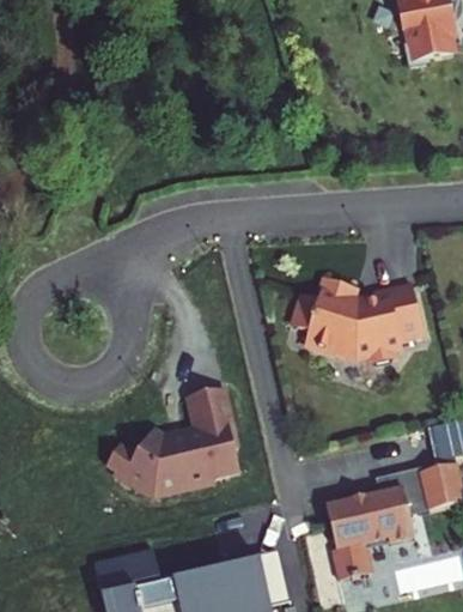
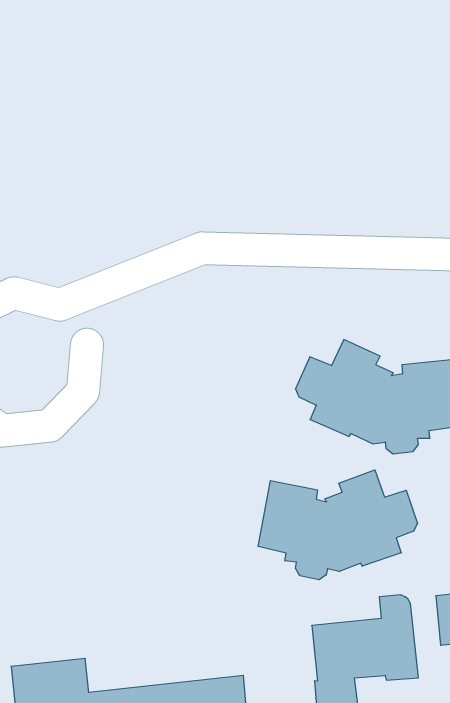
building: none -> [258,470,418,580]
building: [106,388,238,492] -> none

